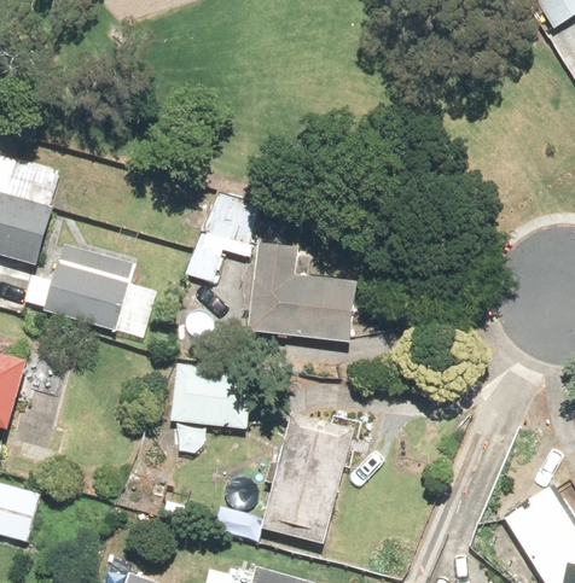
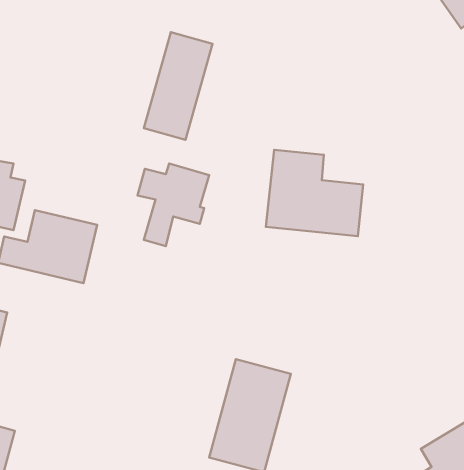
building: none -> [144,32,212,140]
building: [249,241,360,340] -> [266,150,363,236]
building: [172,365,250,426] -> none

